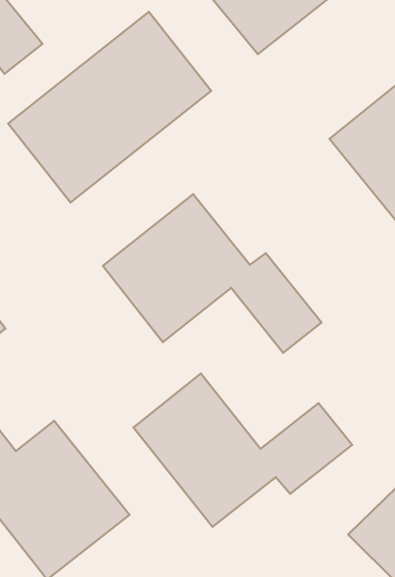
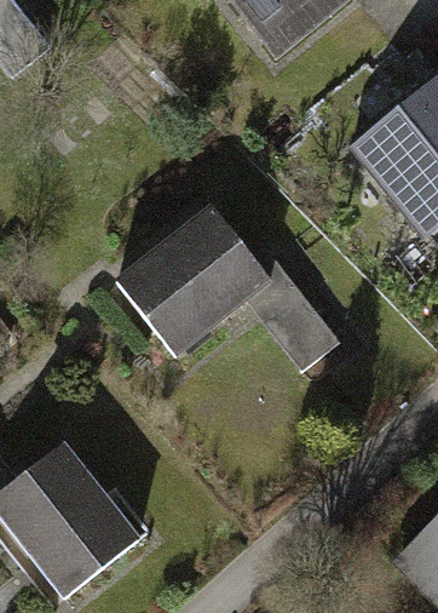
building: [8,12,211,203] -> none
building: [133,373,352,527] -> none

